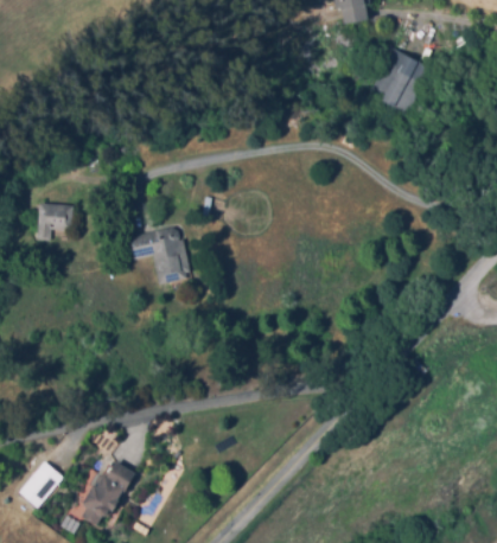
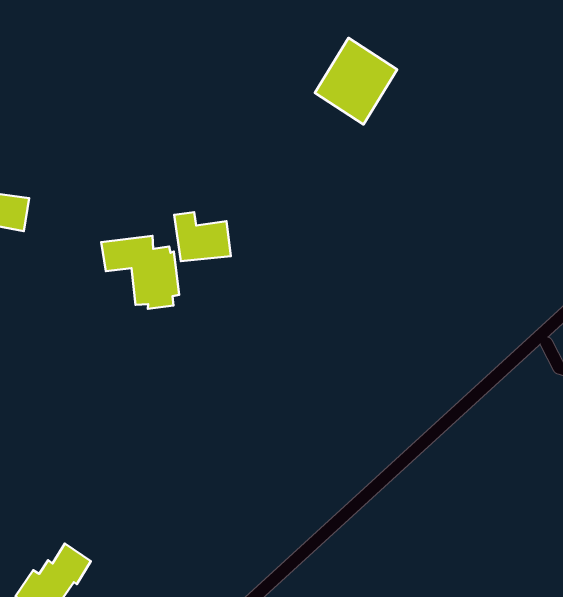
building: [368,46,428,110] -> [315,38,397,125]
building: none -> [174,212,231,261]

